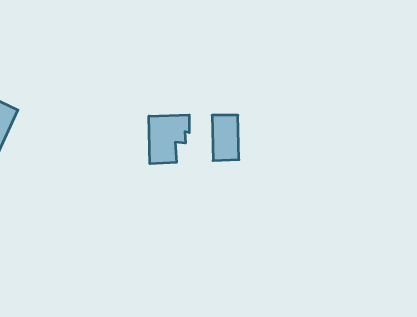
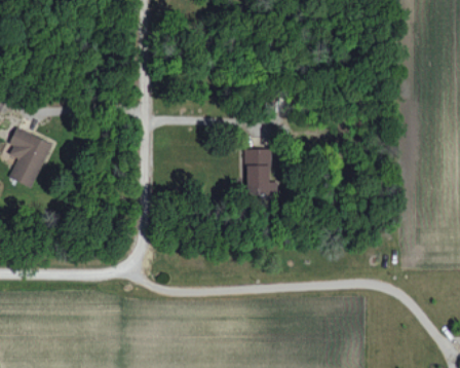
building: [149,115,189,164] -> none

